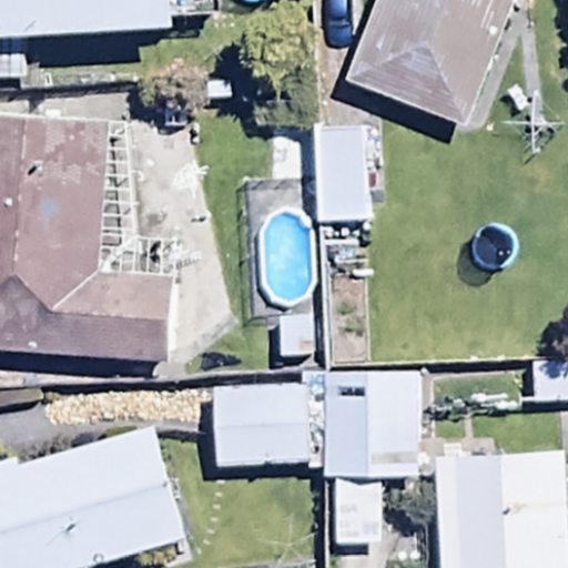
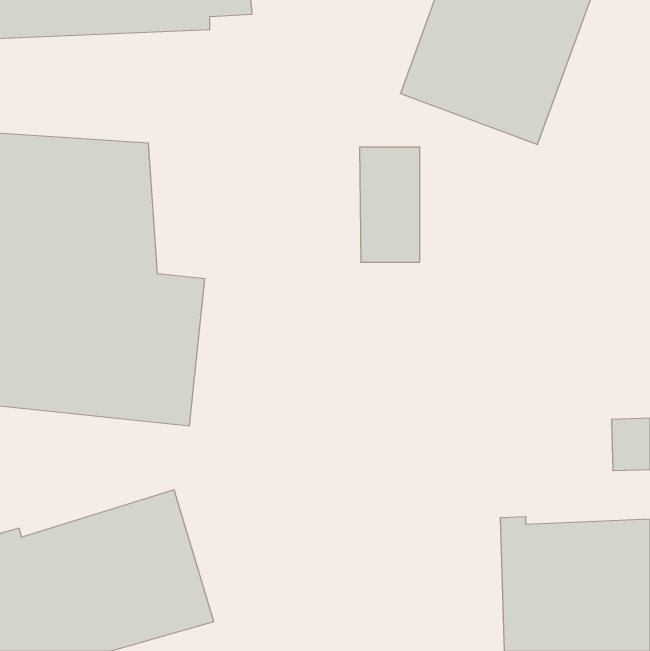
building: [209,369,416,546] -> none

